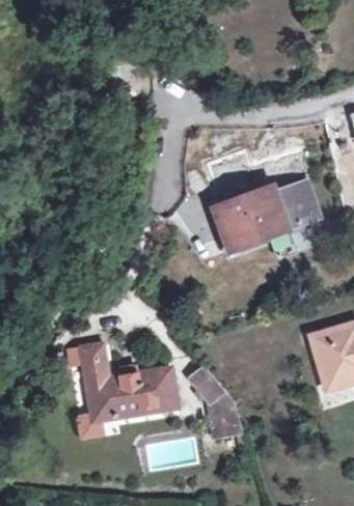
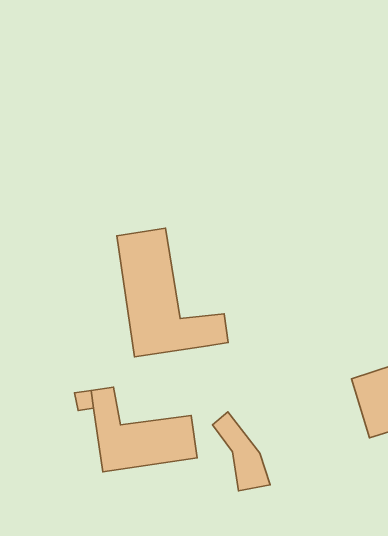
building: [213,182,317,248] -> none
building: none -> [117,228,228,357]

